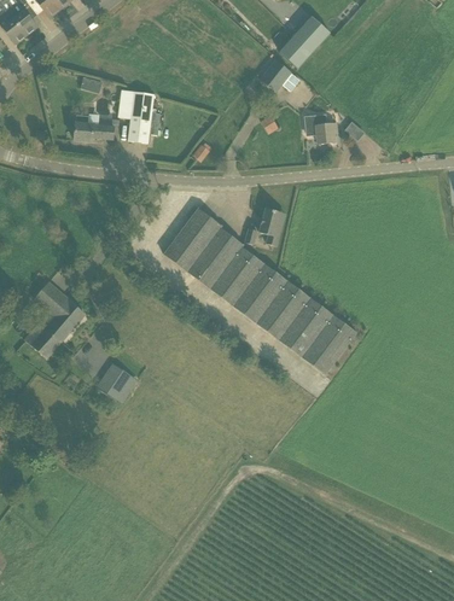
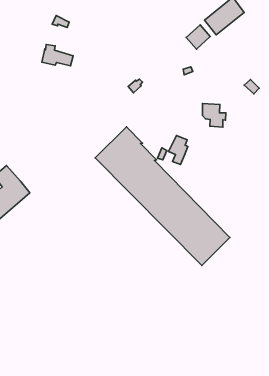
building: [117,88,159,141] -> none
building: [302,112,336,142] -> [202,104,226,127]
building: [97,363,134,401] -> none

